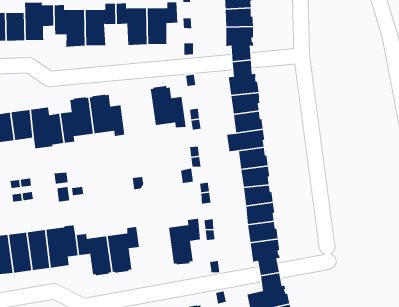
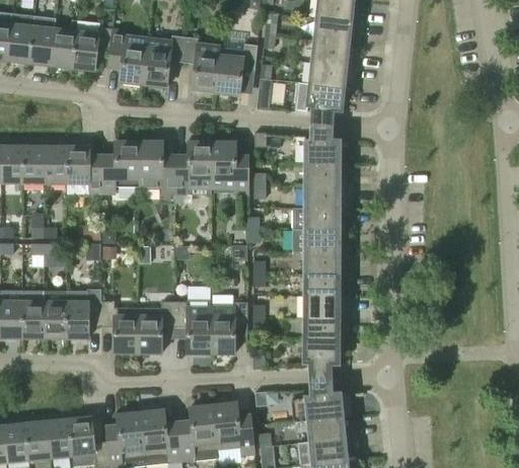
building: none -> [175,141,212,203]
building: none -> [174,300,211,353]

